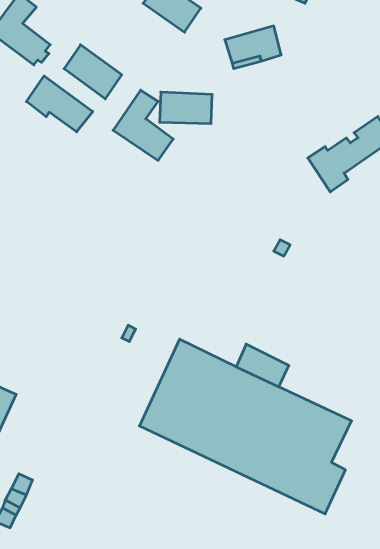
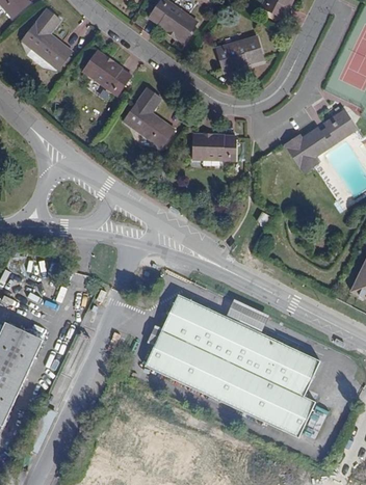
building: [26,76,93,132] -> none
building: [160,92,212,124] -> [192,134,236,160]

